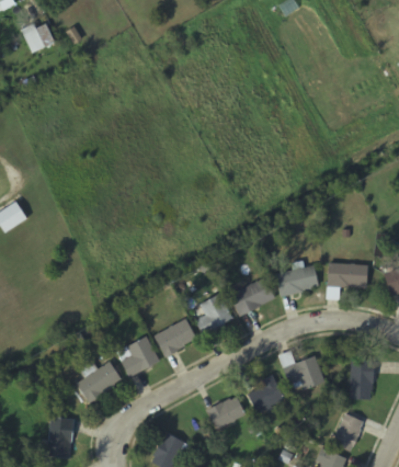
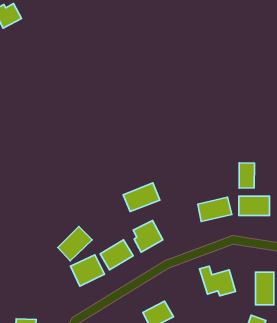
building: none -> [239,163,254,188]
building: [230,277,276,314] -> [123,183,160,212]
building: [79,360,122,402] -> [58,227,92,261]
building: [247,374,287,412] -> none

